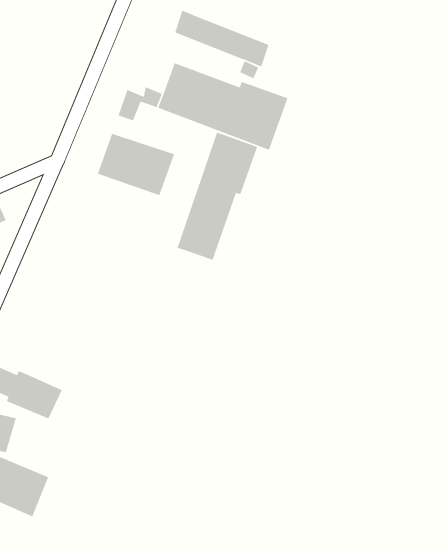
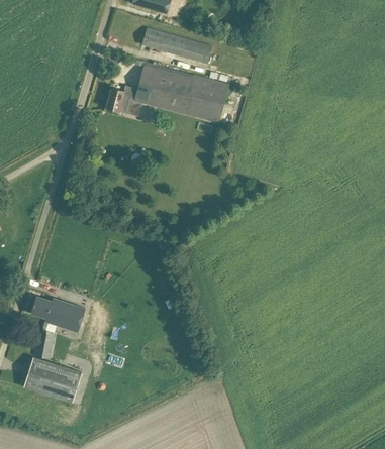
building: [177,132,258,261] -> none
building: [97,133,175,196] -> none

